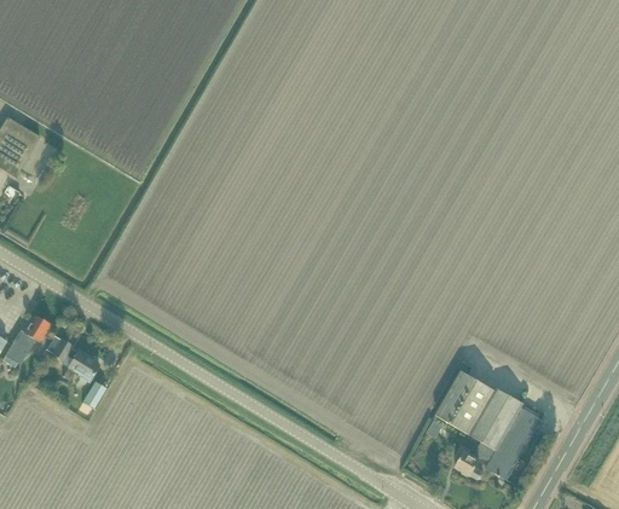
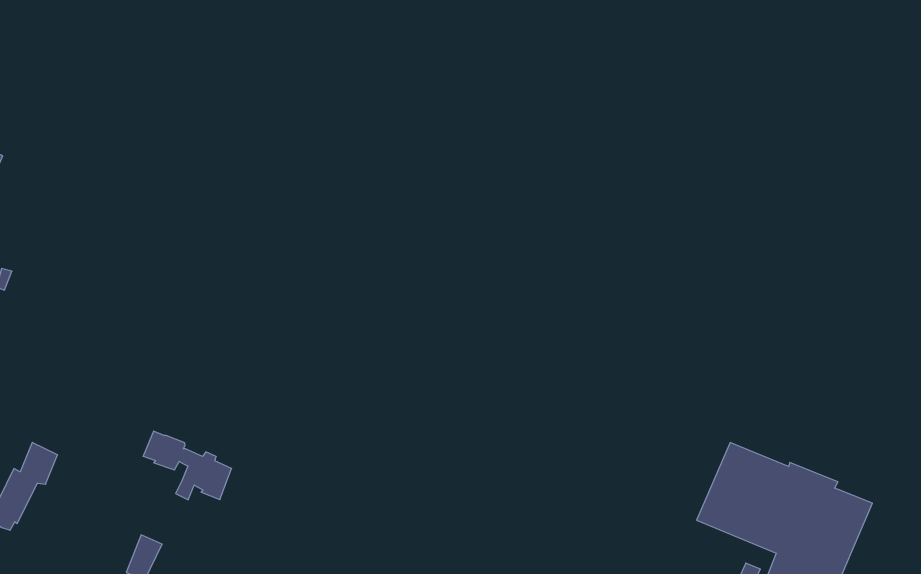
building: [45,335,98,382] -> [143,431,232,500]

